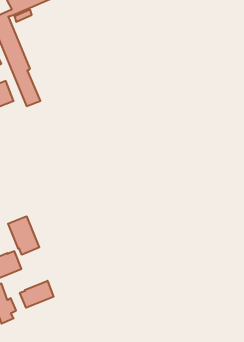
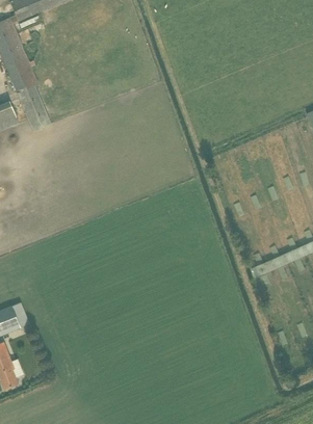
building: [8,216,39,255] -> none
building: [20,281,54,308] -> none

